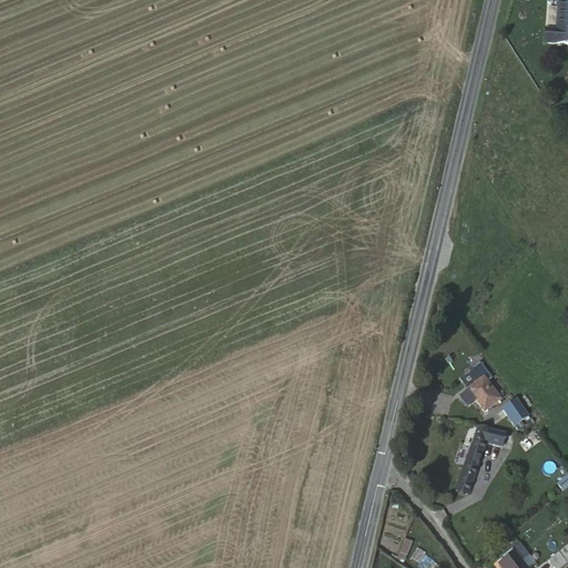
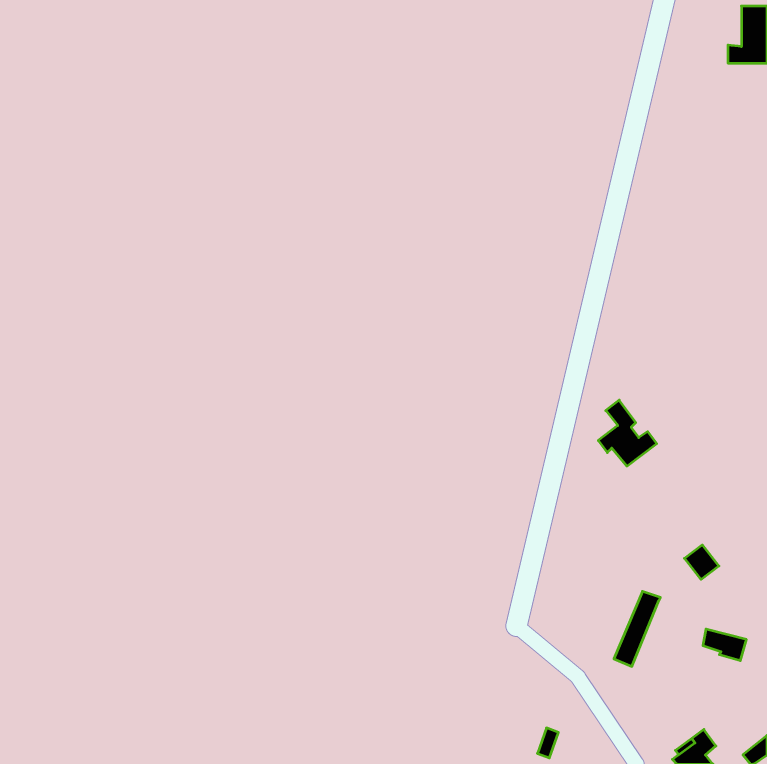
building: [467,365,510,414] -> [598,400,657,466]
building: [475,425,507,448] -> [703,629,746,661]

